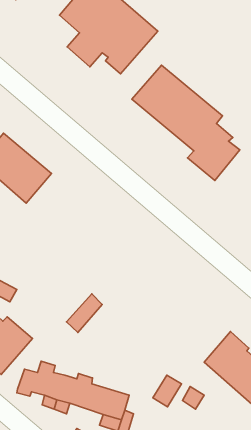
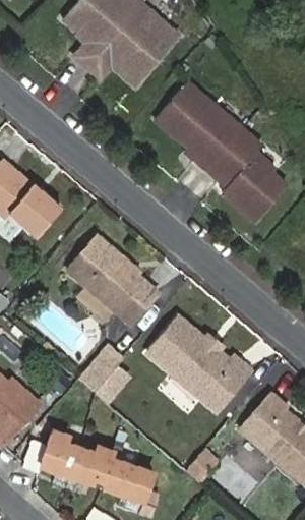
building: none -> [70,235,162,328]
building: none -> [151,321,254,413]

